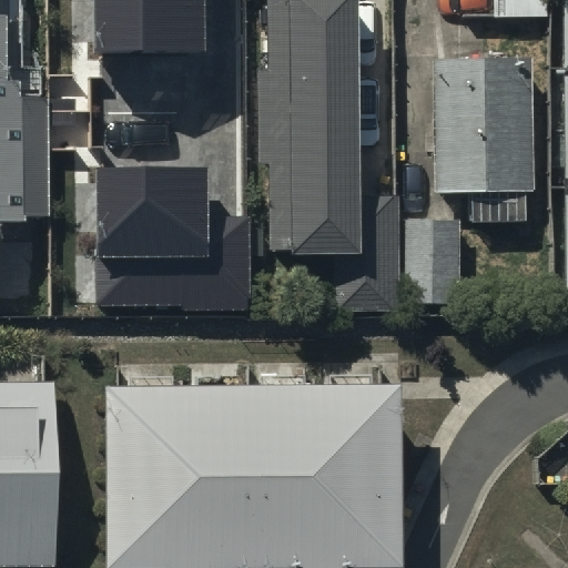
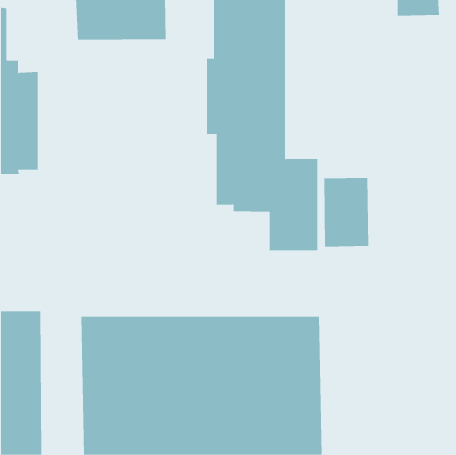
building: [433,61,535,224] -> none
building: [97,161,250,307] -> none

